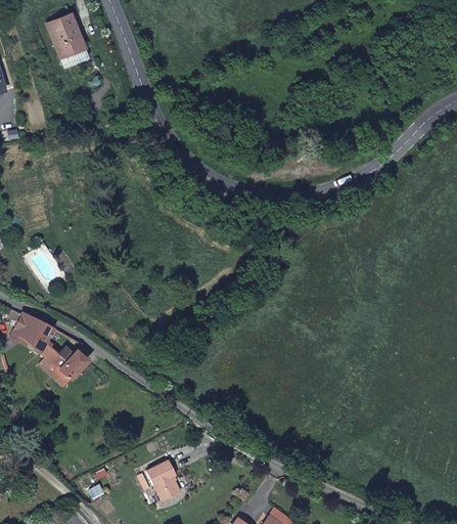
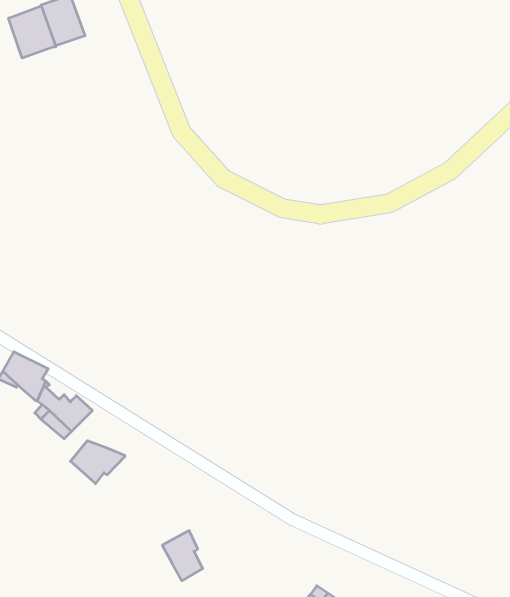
building: none -> [9,6,56,58]
building: none -> [70,441,125,484]

